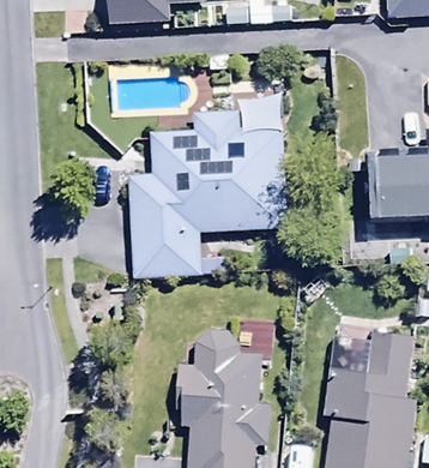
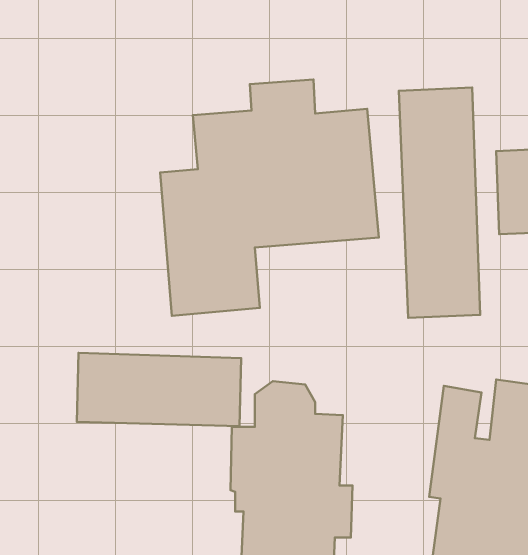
building: none -> [399,88,480,318]
building: none -> [77,353,241,426]

